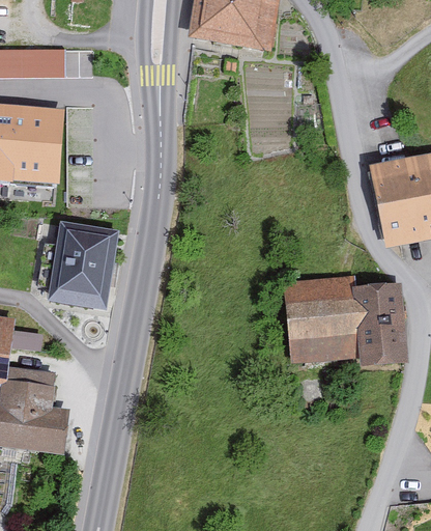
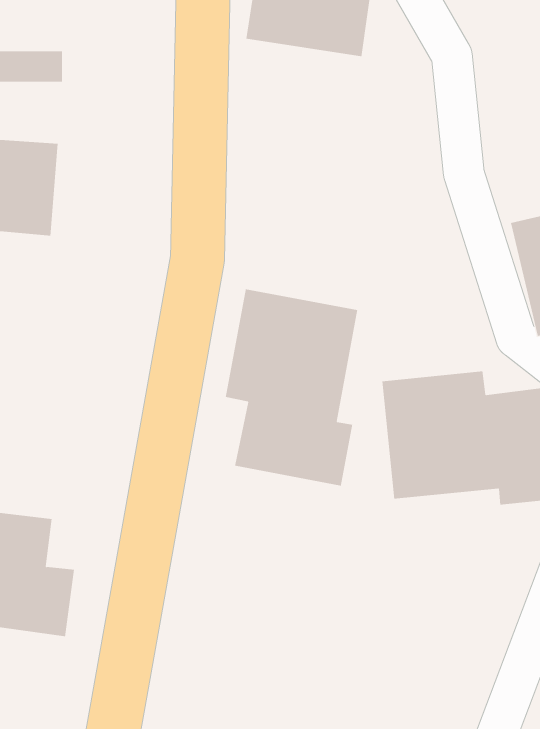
building: none -> [225,289,358,487]
building: [47,221,119,310] -> none

